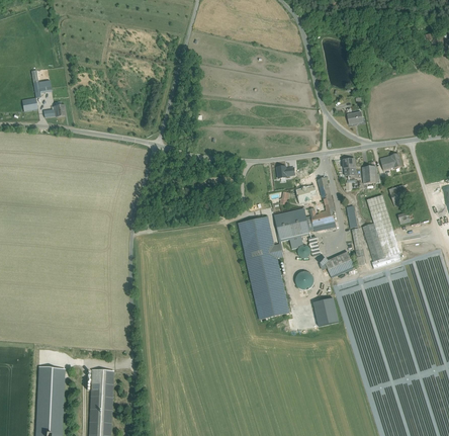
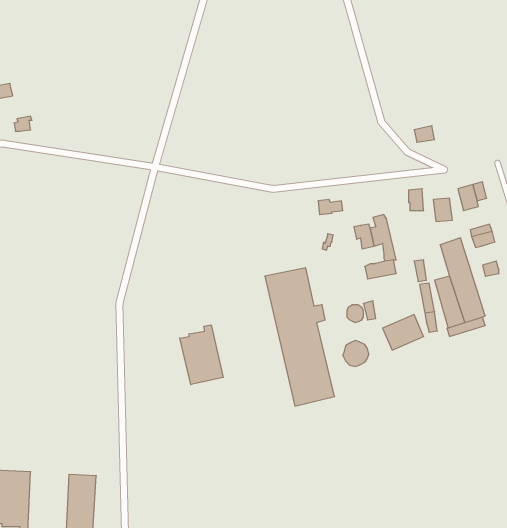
building: [275,207,309,239] -> none
building: none -> [180,325,223,385]
building: [313,297,339,326] -> none

